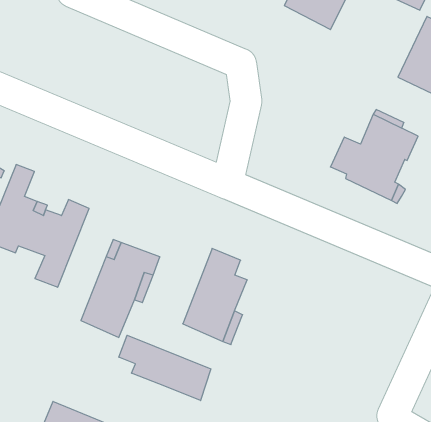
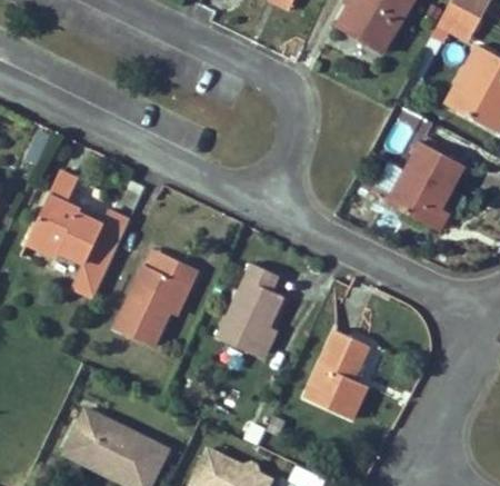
building: none -> [306,331,369,420]
building: [119,335,211,401] -> none

